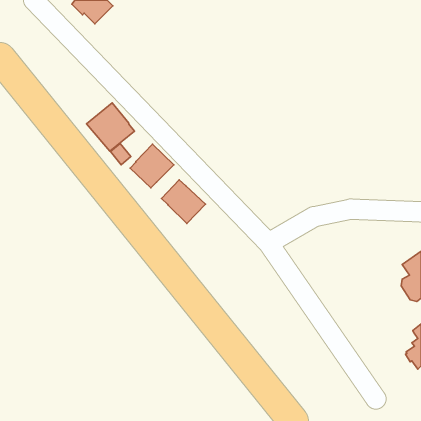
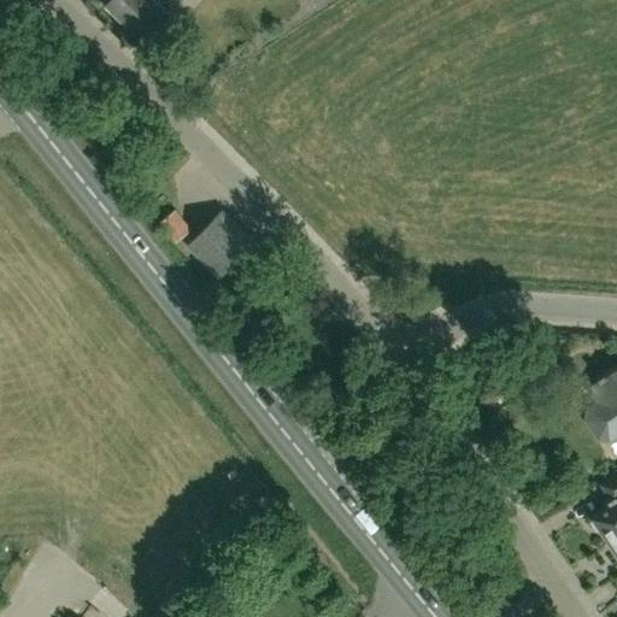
building: [87,103,135,151] -> none
building: [161,180,205,224] -> none

